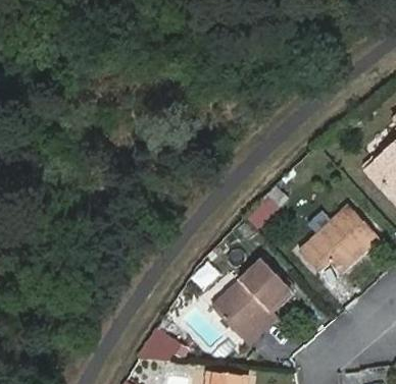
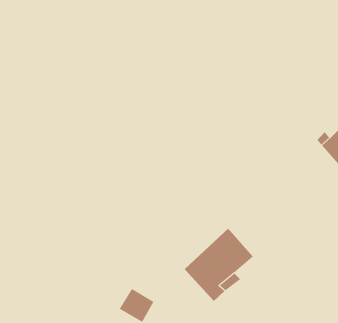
building: [300,204,375,271] -> none

